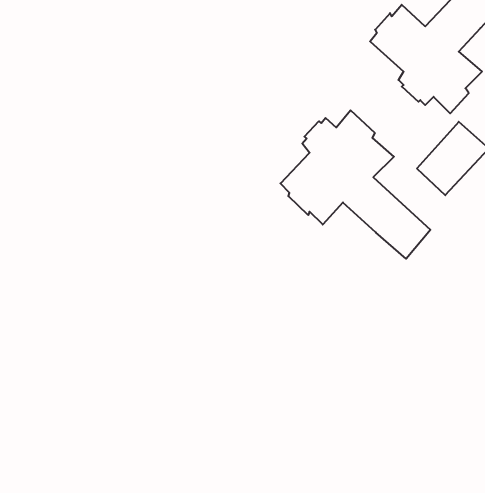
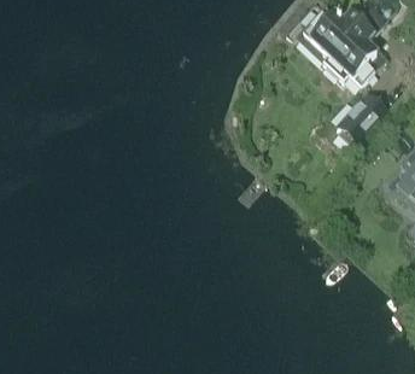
building: [280,110,430,259] -> none

